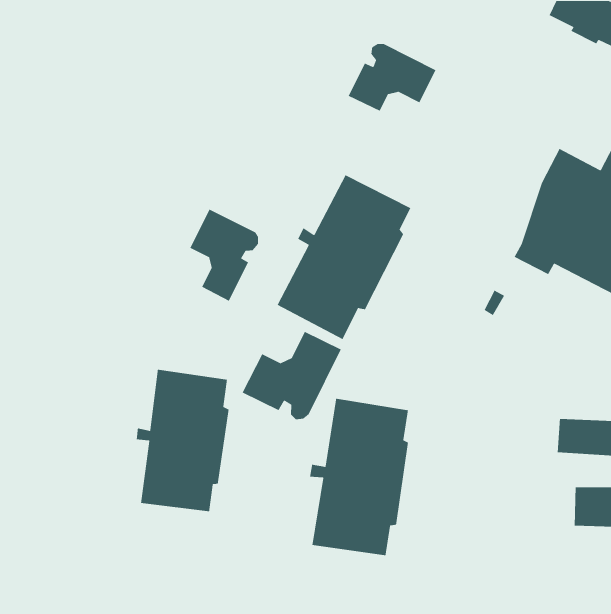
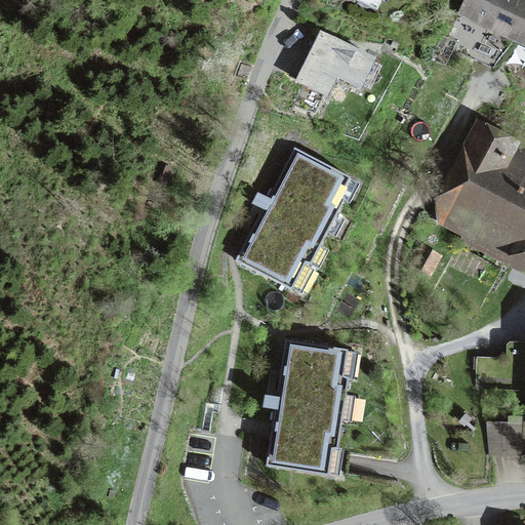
building: [189,209,259,302] -> none
building: [241,331,342,420] -> none
building: [136,369,229,512] -> none

